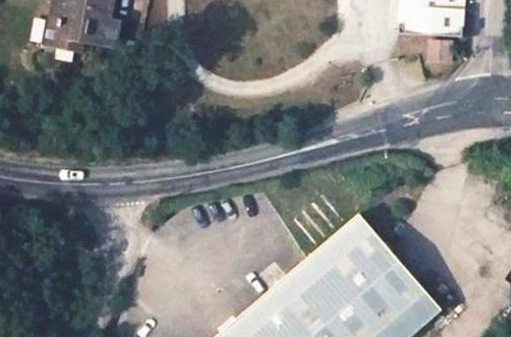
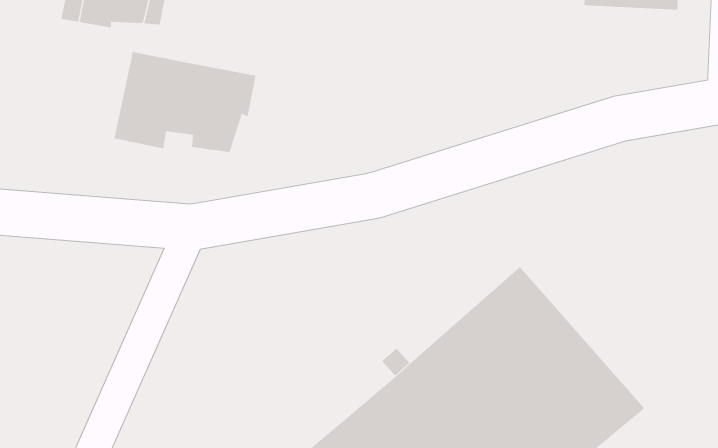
building: none -> [114,51,256,153]

